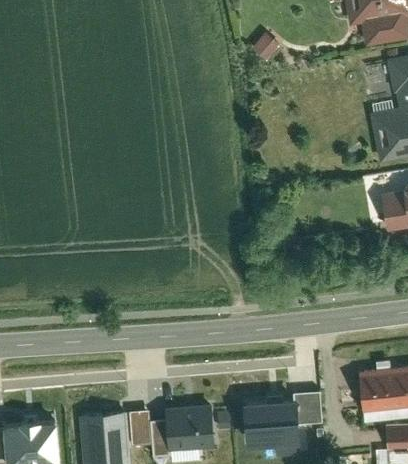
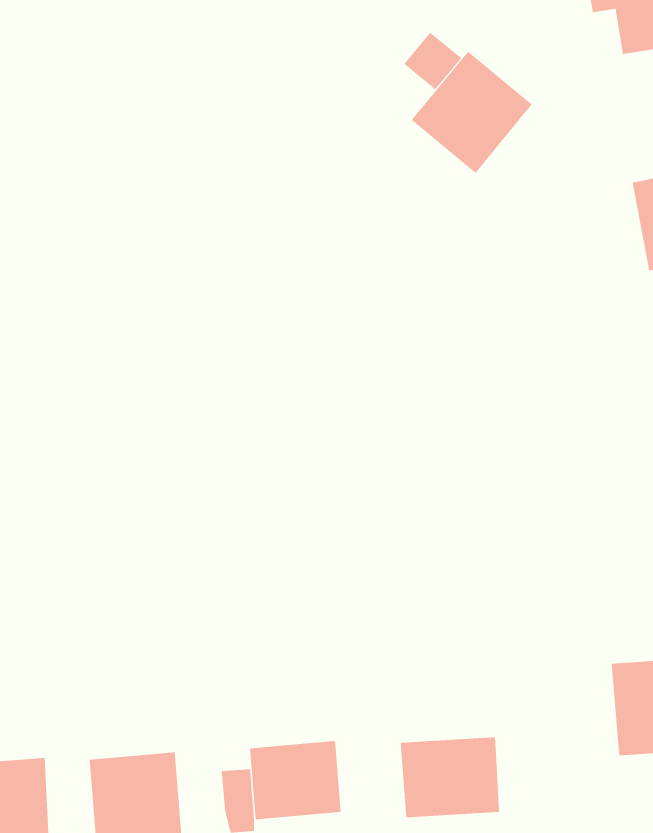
building: none -> [411,51,533,174]
building: [295,395,323,425] -> none
building: [130,414,152,448] -> none

